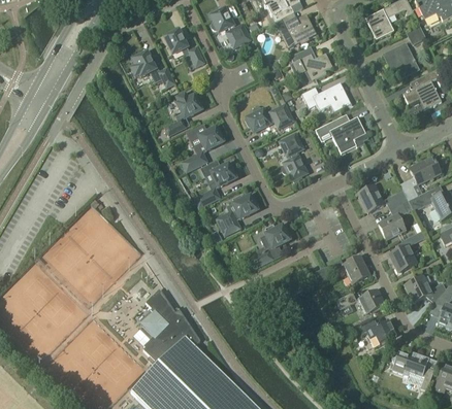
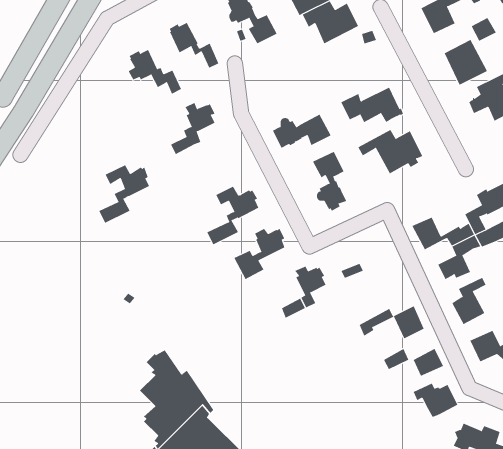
building: [290,46,332,81] -> none
building: [182,125,223,172] -> [98,164,150,224]

